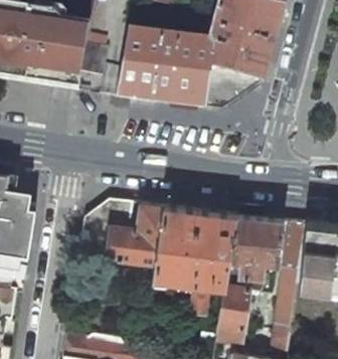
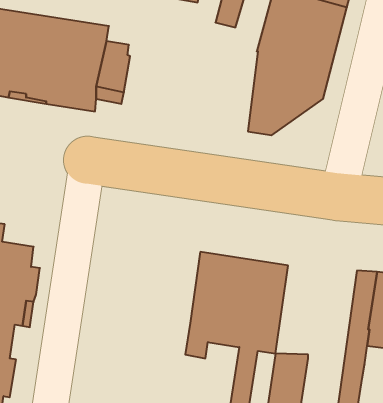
building: [117,32,210,107] -> none
building: [79,195,164,260] -> none
building: [224,214,284,289] -> none

